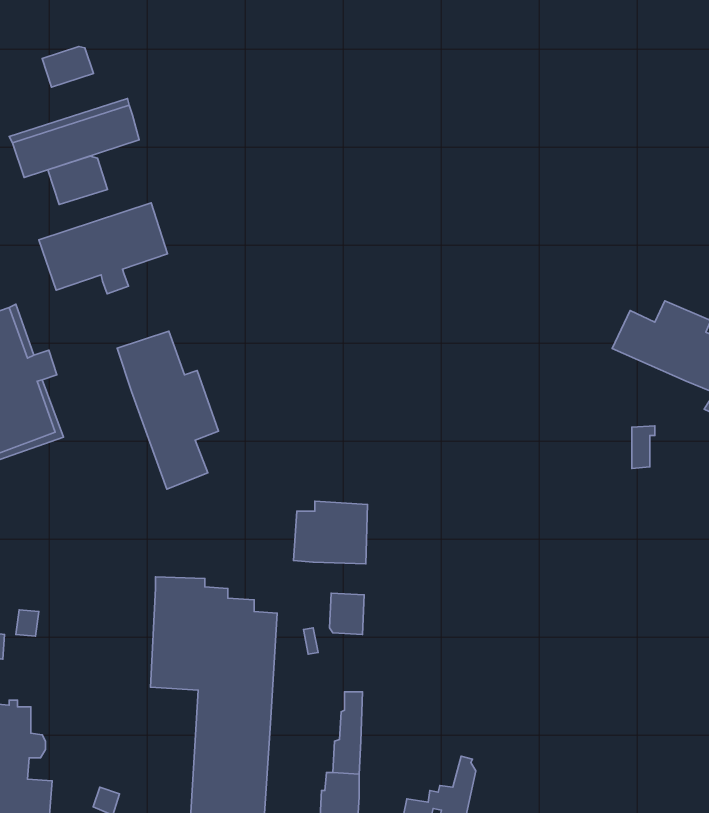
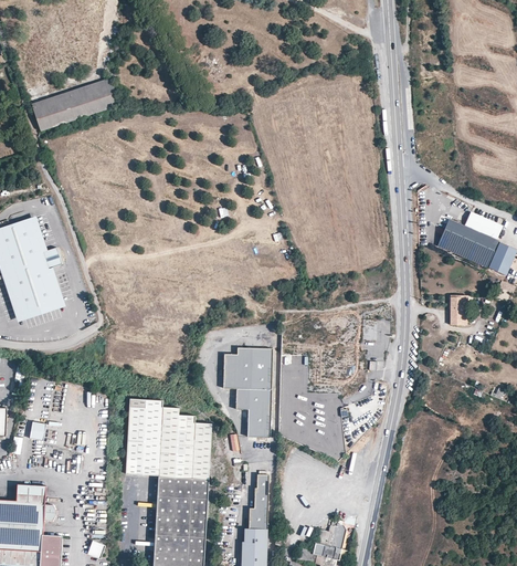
building: [42,47,93,87] -> none
building: [48,156,108,205] -> none
building: [39,203,167,294] -> none
building: [117,331,218,489] -> none
building: none -> [234,389,271,411]

